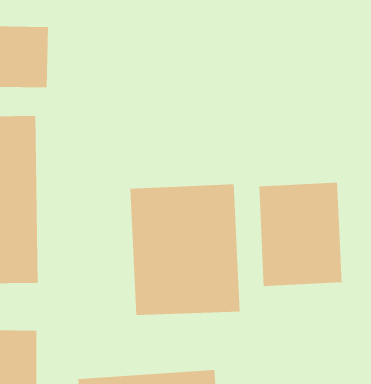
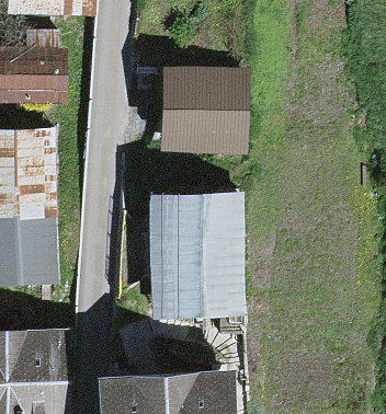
building: none -> [156,70,246,153]
building: [259,182,342,287] -> none

